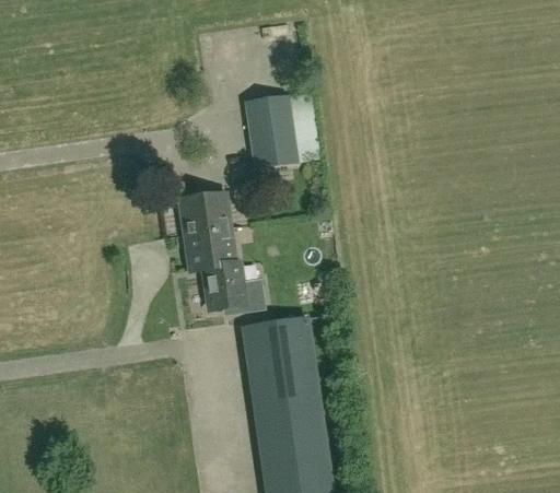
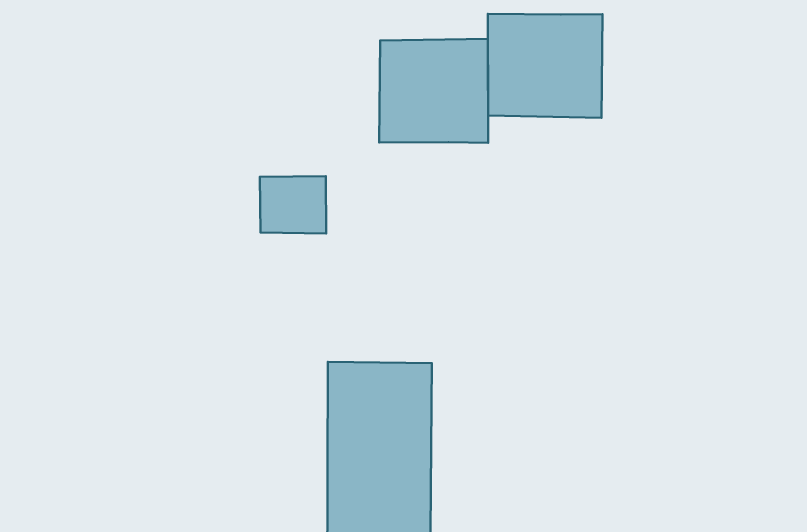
building: none -> [488,14,603,118]
building: [186,228,243,308] -> none

